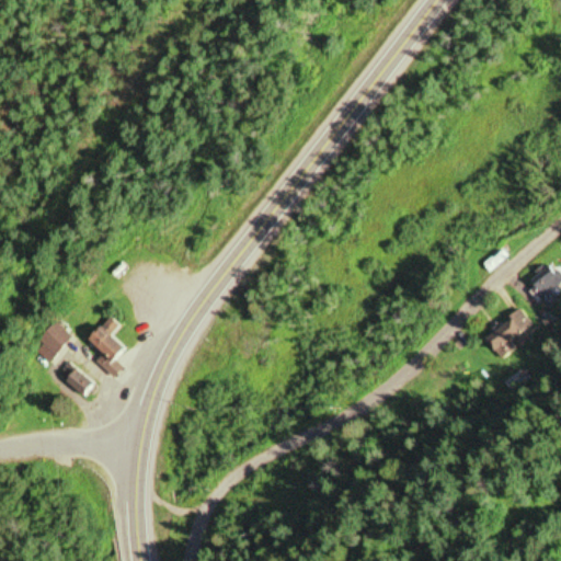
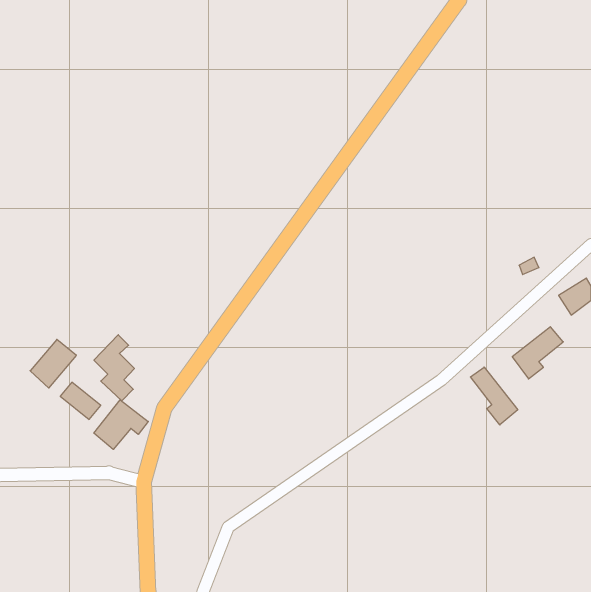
building: none -> [470,367,518,425]
building: none -> [94,400,148,449]

